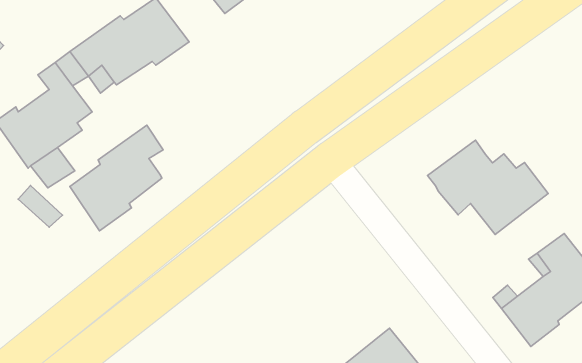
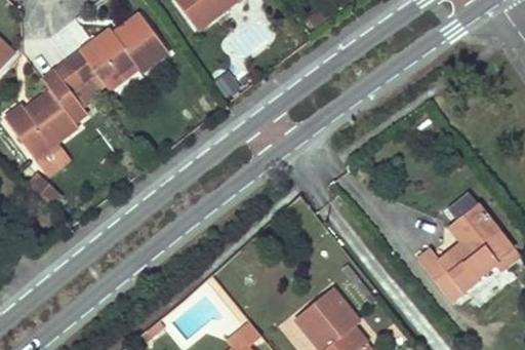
building: [70,125,163,231] -> none
building: [428,140,548,234] -> none

